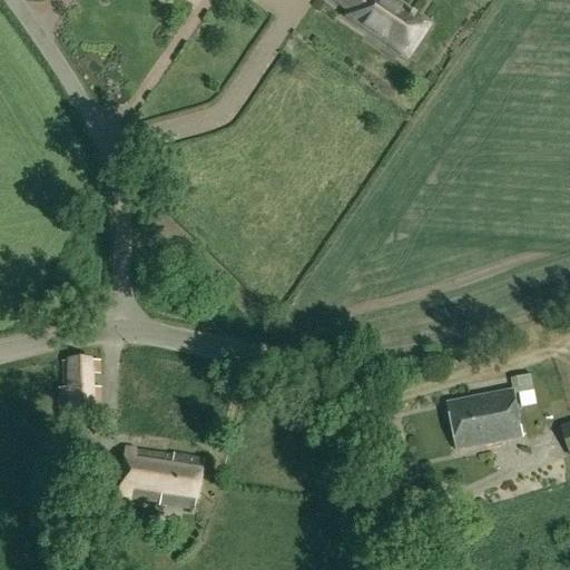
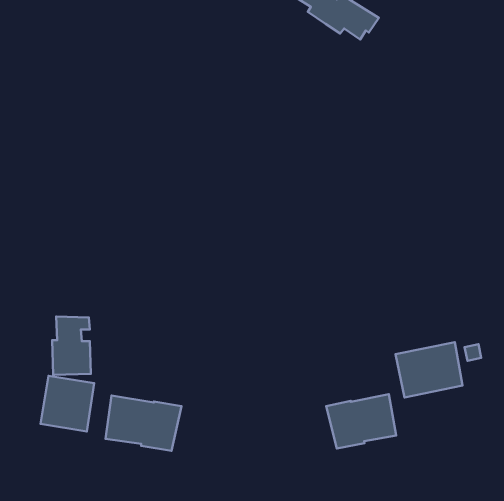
building: none -> [41,376,94,431]
building: none -> [326,394,396,449]

